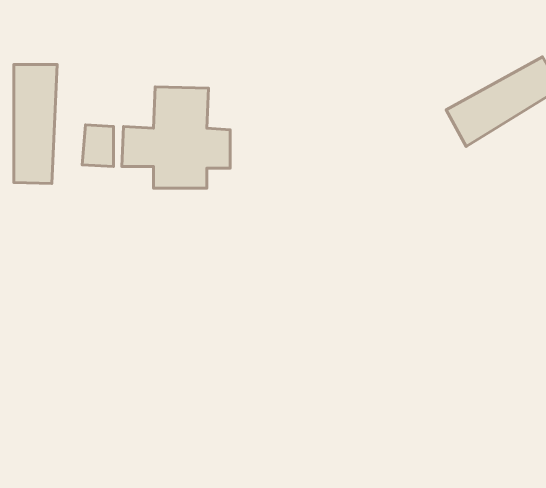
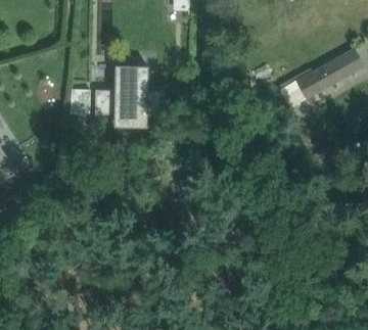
building: [14,64,57,183] -> none

